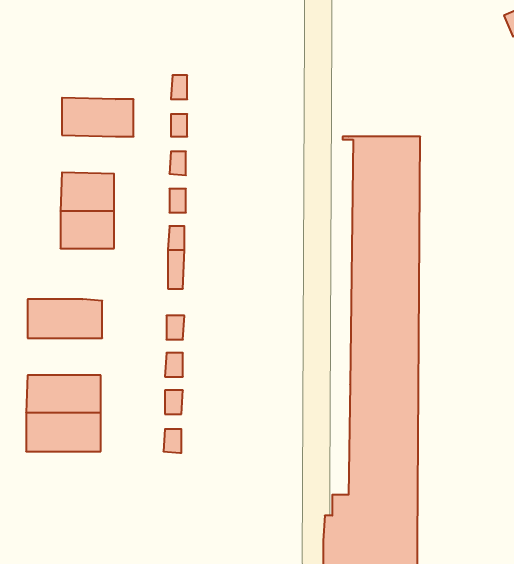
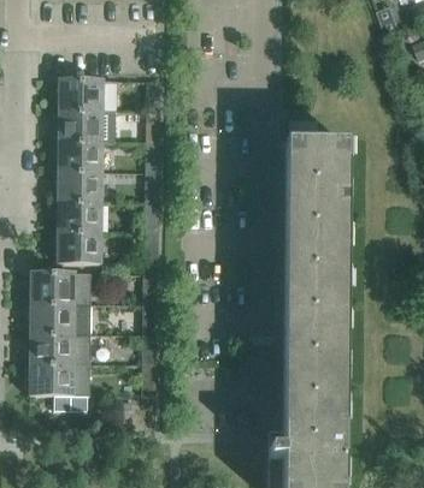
building: none -> [57,79,116,112]
building: none -> [57,141,100,172]
building: none -> [55,232,99,263]
building: none -> [29,304,89,334]

